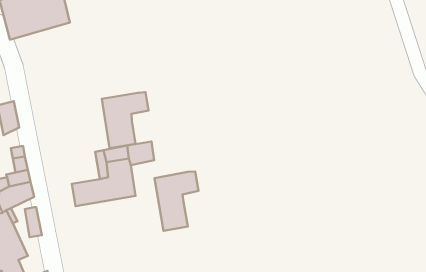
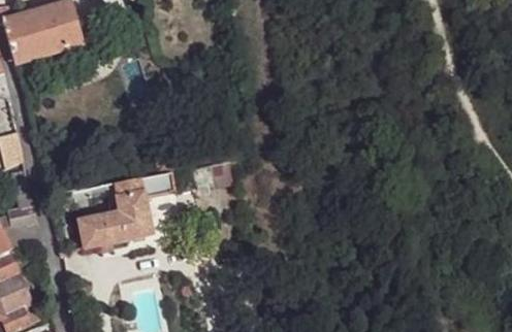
building: [102,92,149,148] -> none
building: [155,171,199,231] -> none

